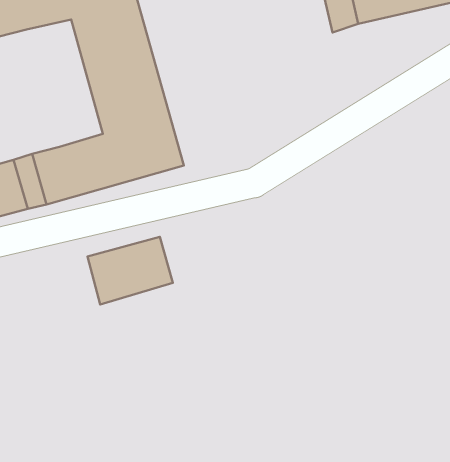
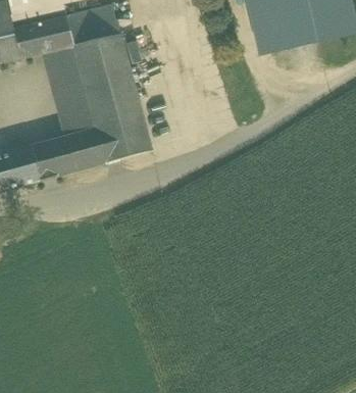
building: none -> [42,45,96,135]
building: [87,237,173,304] -> none

